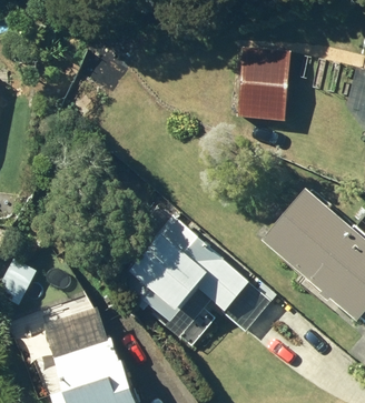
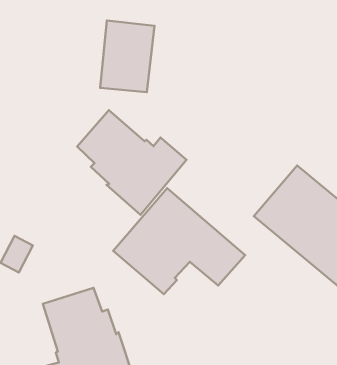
building: [238,44,294,118] -> [100,21,154,92]
building: none -> [77,110,187,215]

